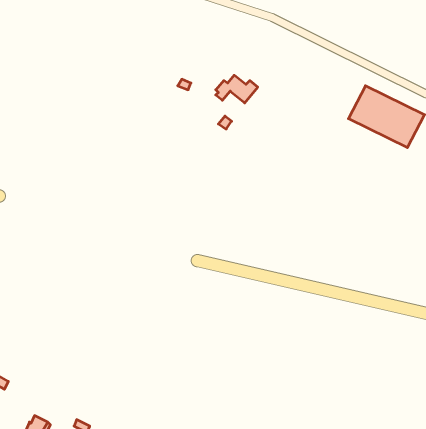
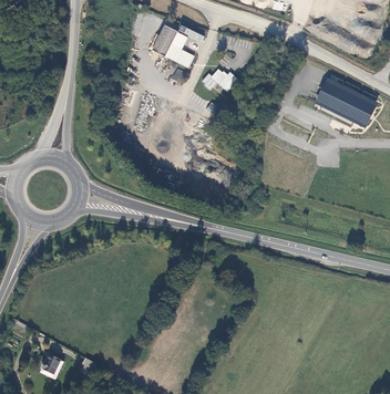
building: none -> [150,25,191,66]

